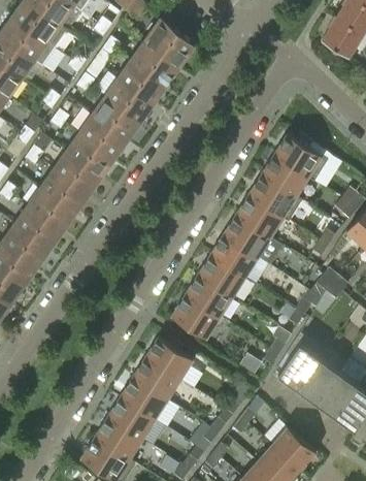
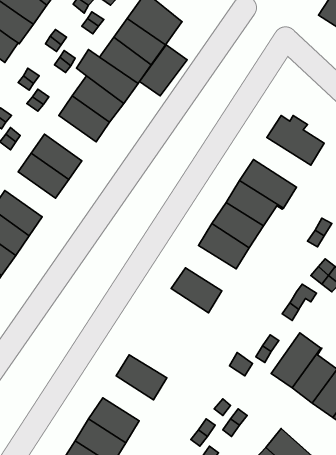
building: none -> [139,45,187,96]
building: [66,133,114,175] -> none
building: [262,154,315,200] -> none
building: [29,186,76,228] -> none
building: [198,255,245,297] -> none
building: [172,295,220,338] -> none
building: [145,335,194,379] -> none
building: [121,377,168,419] -> none

